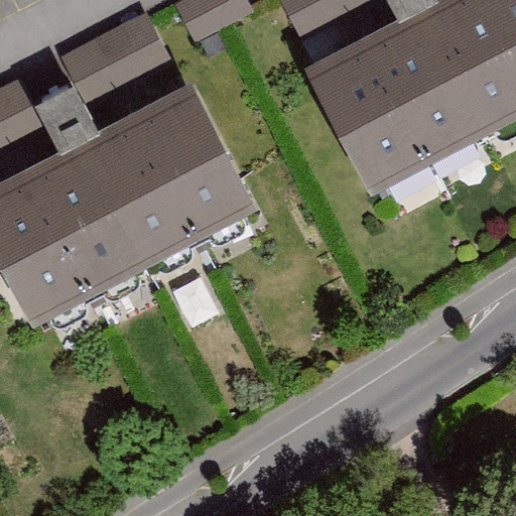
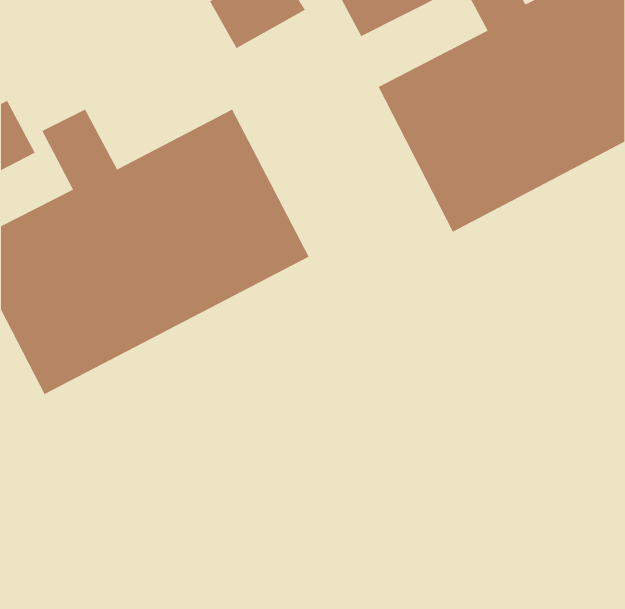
building: [63,13,166,99] -> none

